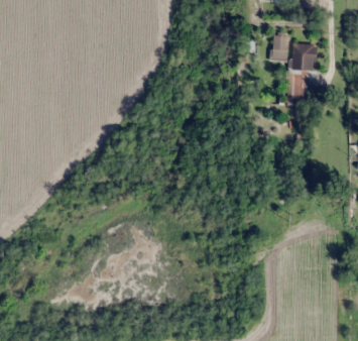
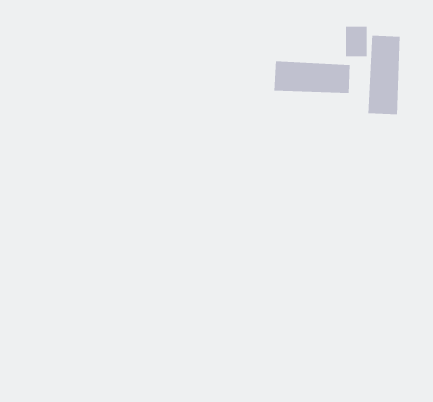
building: none -> [274,60,351,94]

